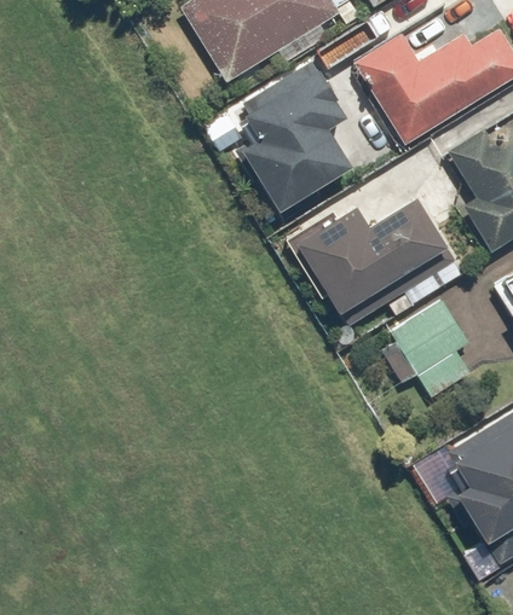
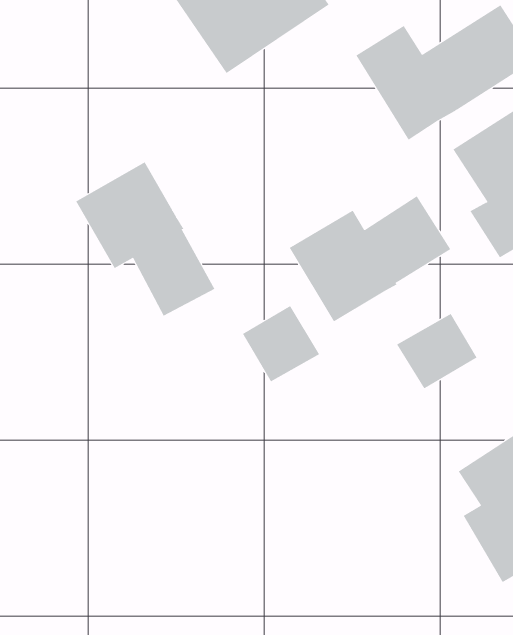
building: [242,60,361,208] -> none
building: none -> [75,161,215,317]
building: none -> [242,305,320,382]

